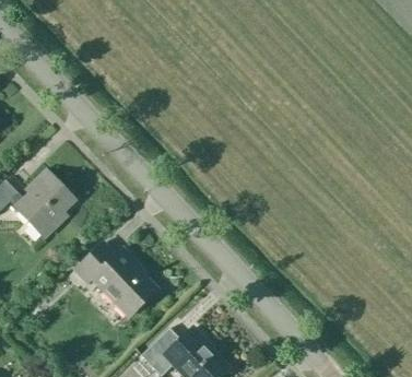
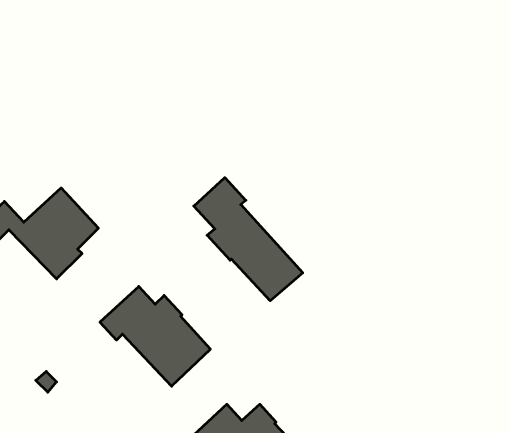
building: none -> [194,178,303,301]

